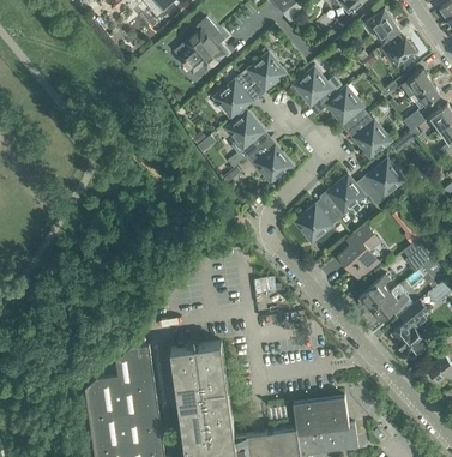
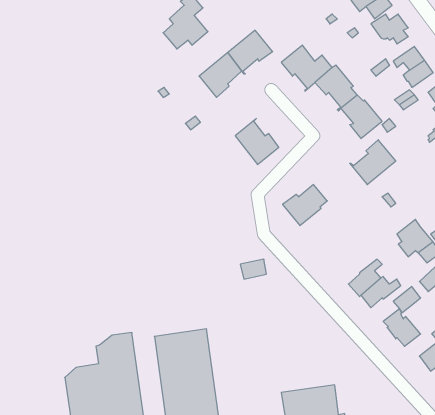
building: [225,112,269,168] -> none
building: [319,176,363,218] -> none
building: [339,224,379,278] -> none

